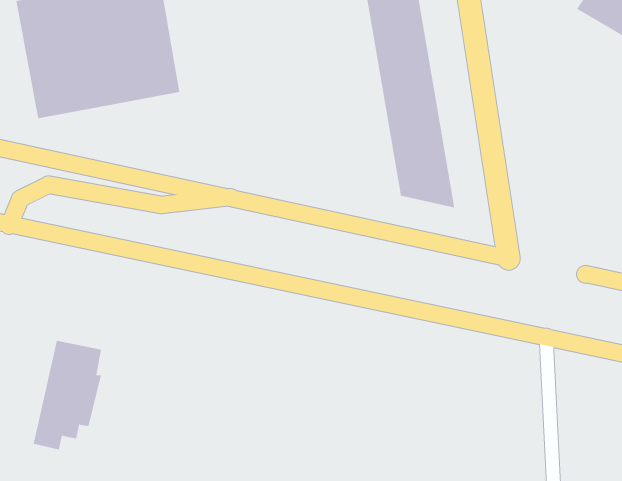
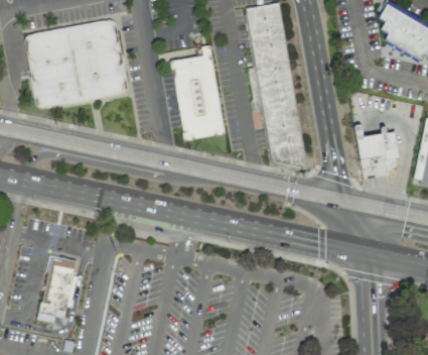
building: none -> [170,44,226,140]
building: none -> [352,114,399,179]

